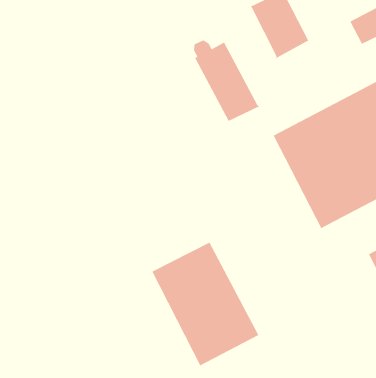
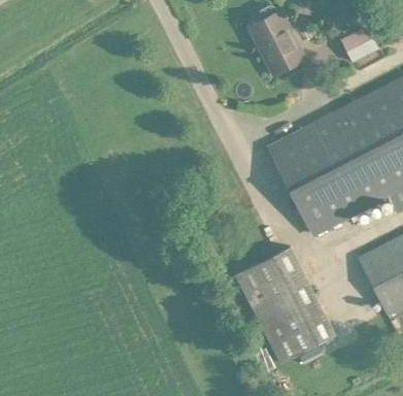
building: [194,39,260,122] -> none
building: [152,242,259,366] -> [234,248,335,364]

